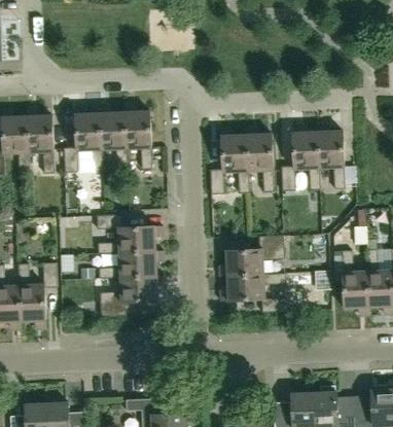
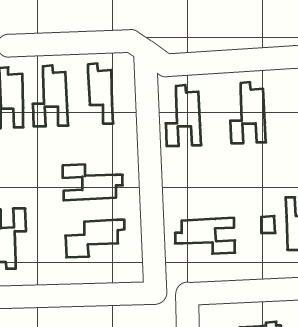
building: [100,104,128,170] -> none
building: [317,122,345,188] -> none
building: [246,126,274,191] -> none
building: [219,235,284,276] -> none
building: [99,250,164,278] -> none

